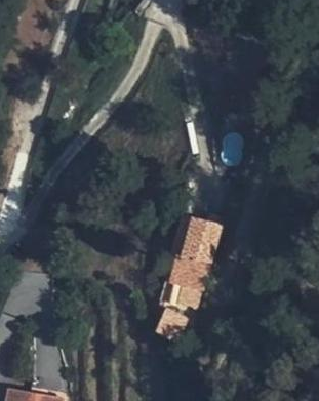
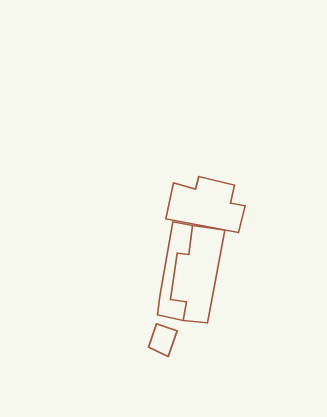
building: none -> [166,177,245,233]

